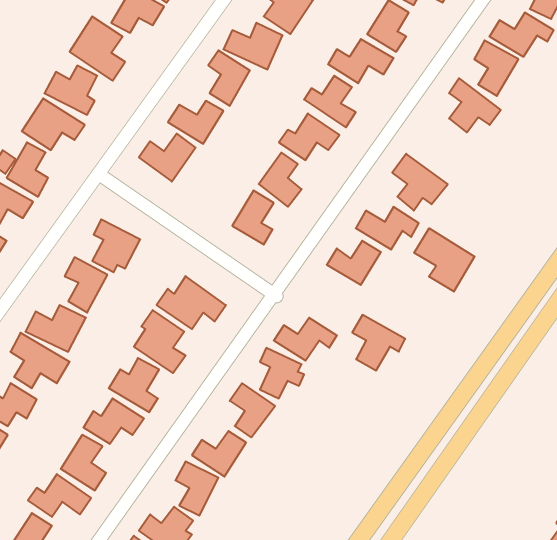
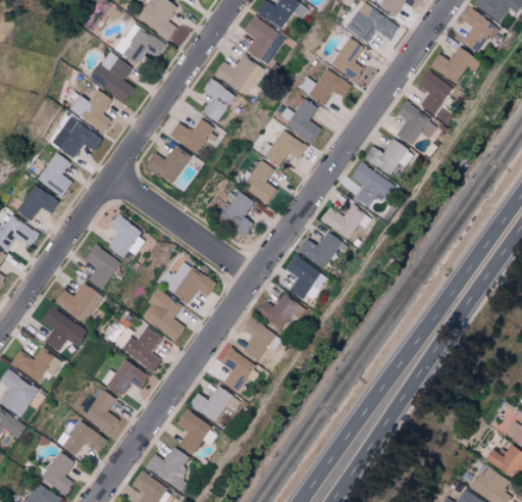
building: none -> [364,140,415,177]
building: [414,228,475,292] -> none
building: [352,315,405,370] -> [285,256,328,301]

